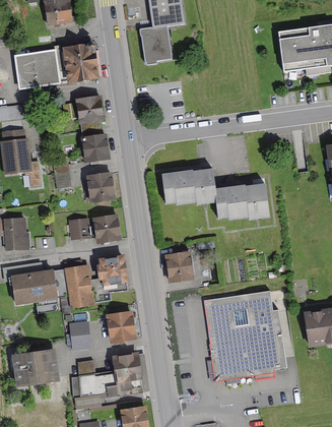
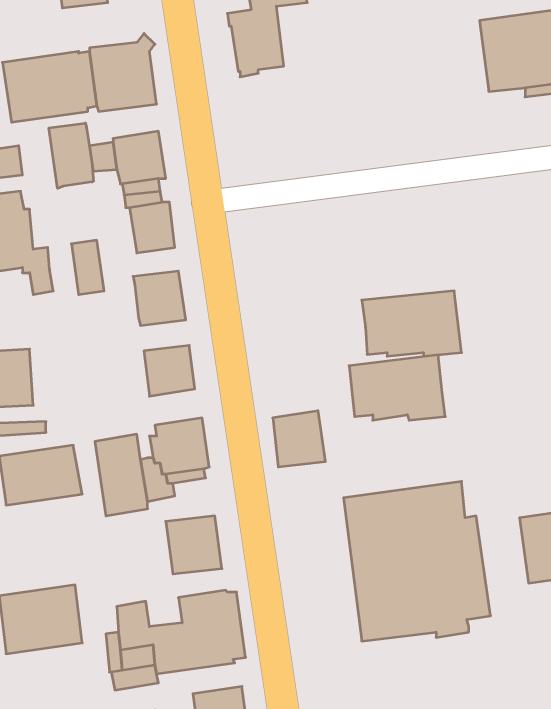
building: none -> [49,123,93,188]
building: [162,170,216,206] -> [349,355,445,420]
building: [68,217,90,238] -> none
building: [69,320,91,349] -> none

